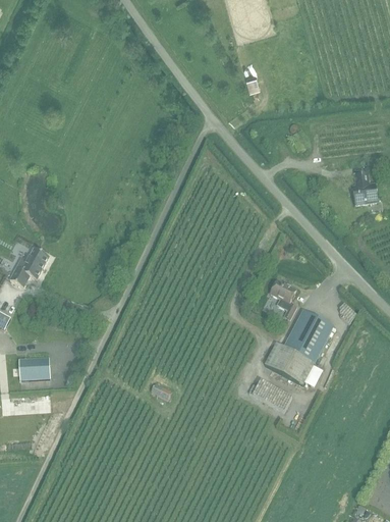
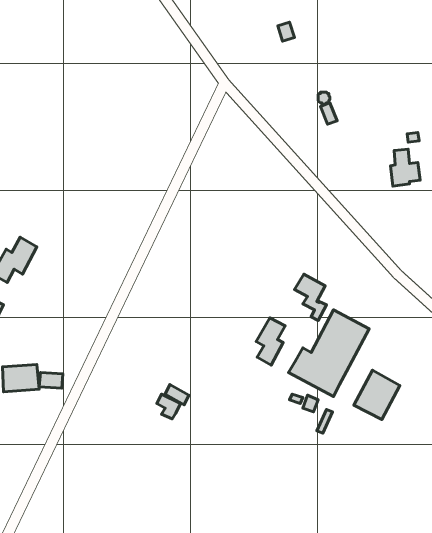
building: none -> [256,318,285,365]
building: none -> [354,370,400,419]

